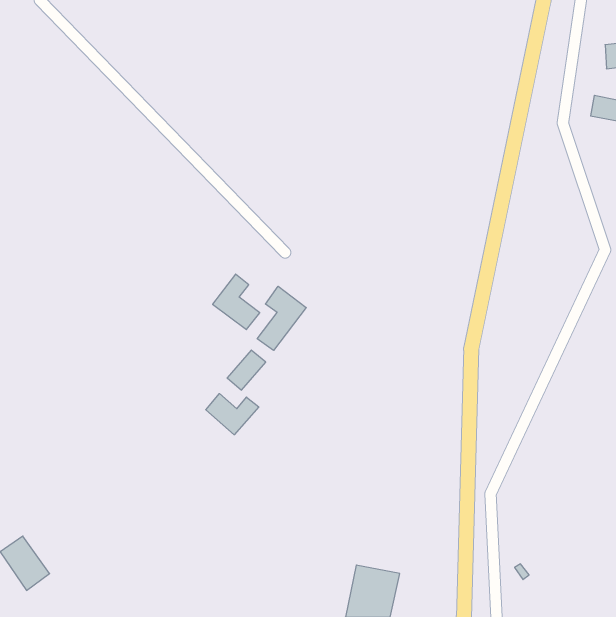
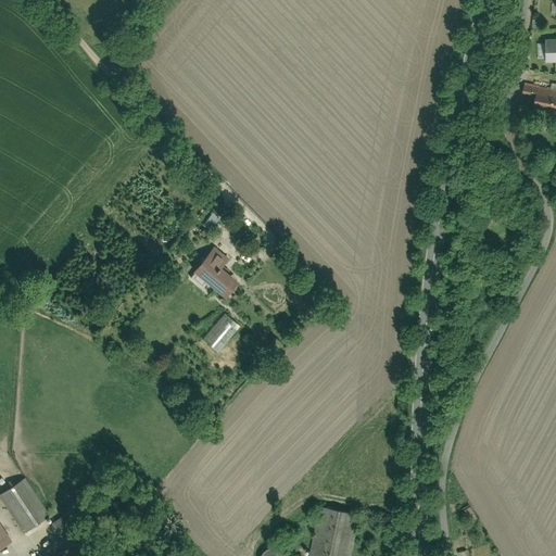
building: [257,286,306,350] -> none
building: [206,394,259,435] -> none

